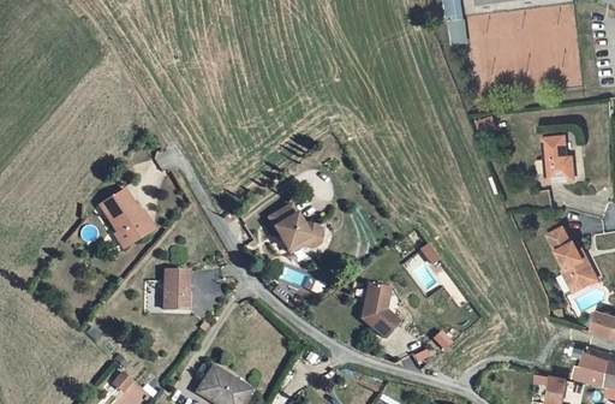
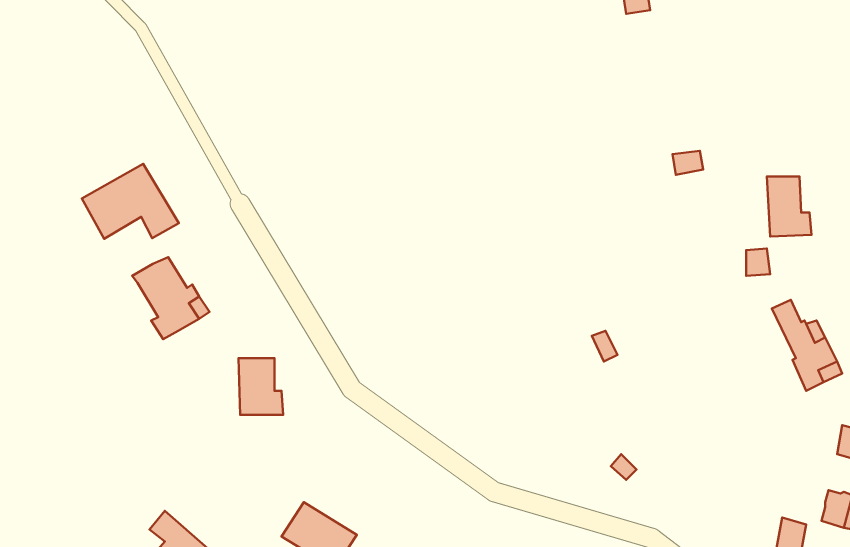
building: none -> [82,164,179,239]
building: [270,206,321,254] -> none
building: [362,280,400,335] -> none

